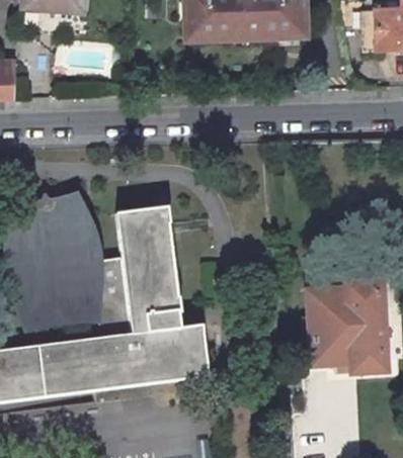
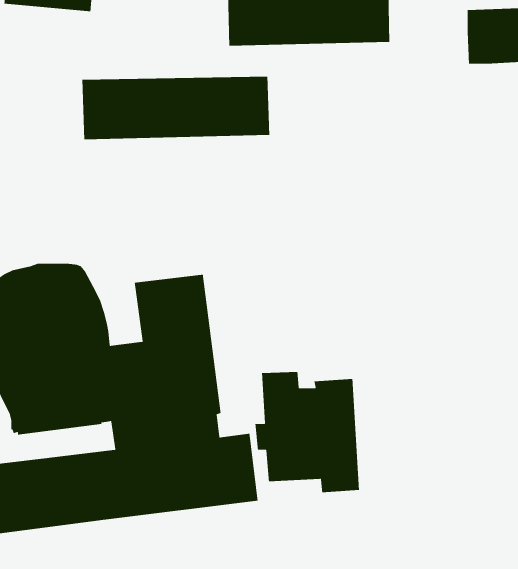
building: none -> [81,76,270,140]
building: [305,279,383,369] -> [254,371,360,493]

